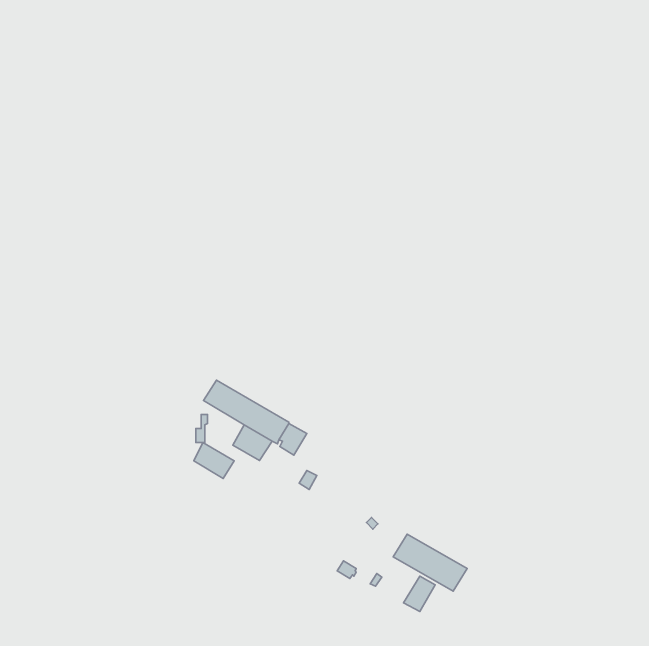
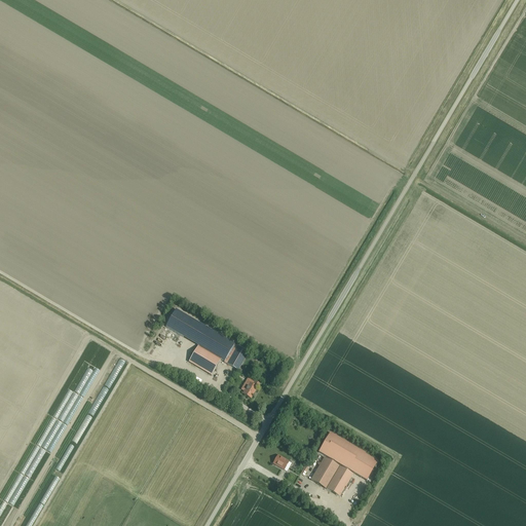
building: [194,443,234,478] -> none
building: none -> [310,455,339,487]

